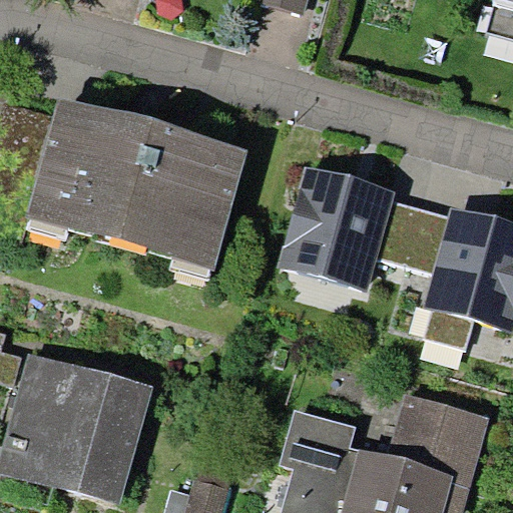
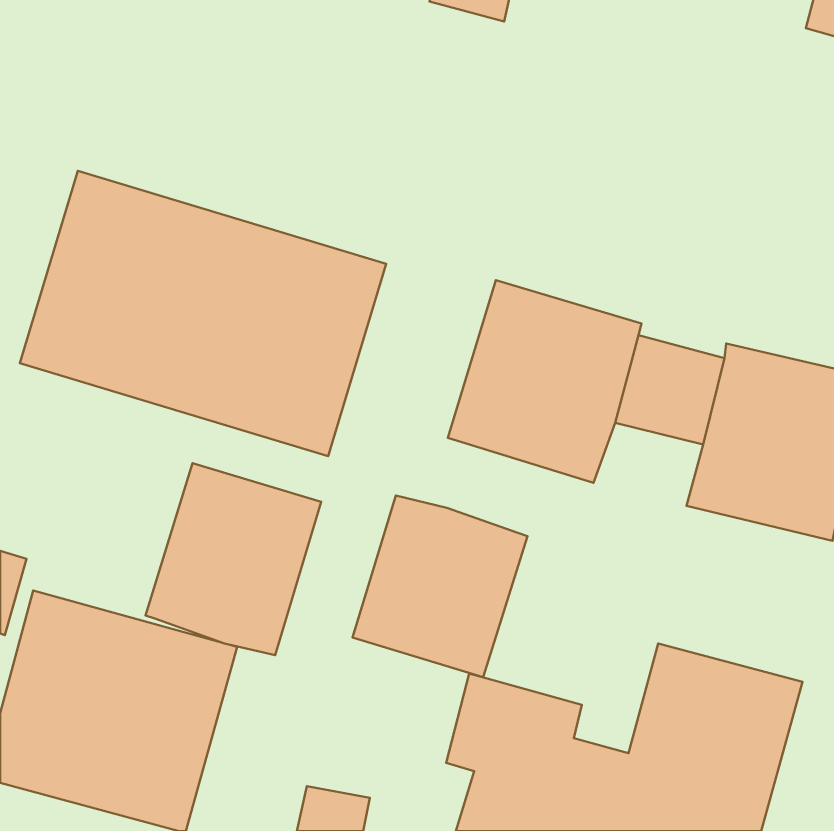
building: none -> [145,463,321,655]
building: none -> [353,495,527,677]

